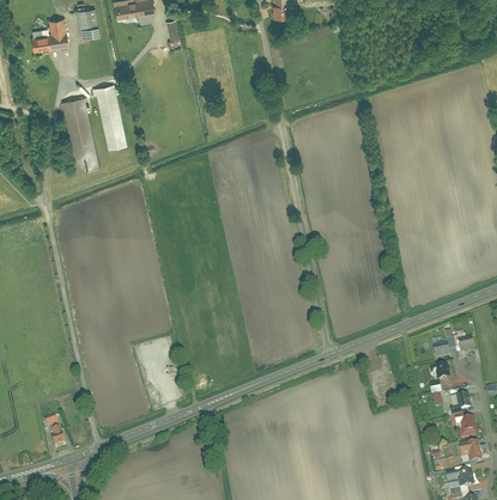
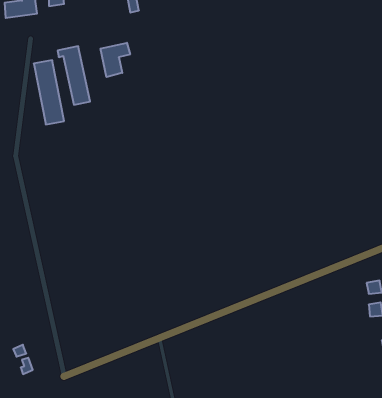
building: none -> [101,43,130,77]

